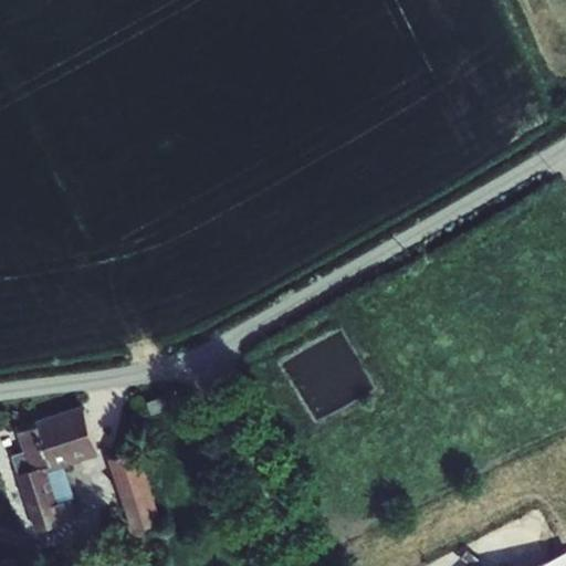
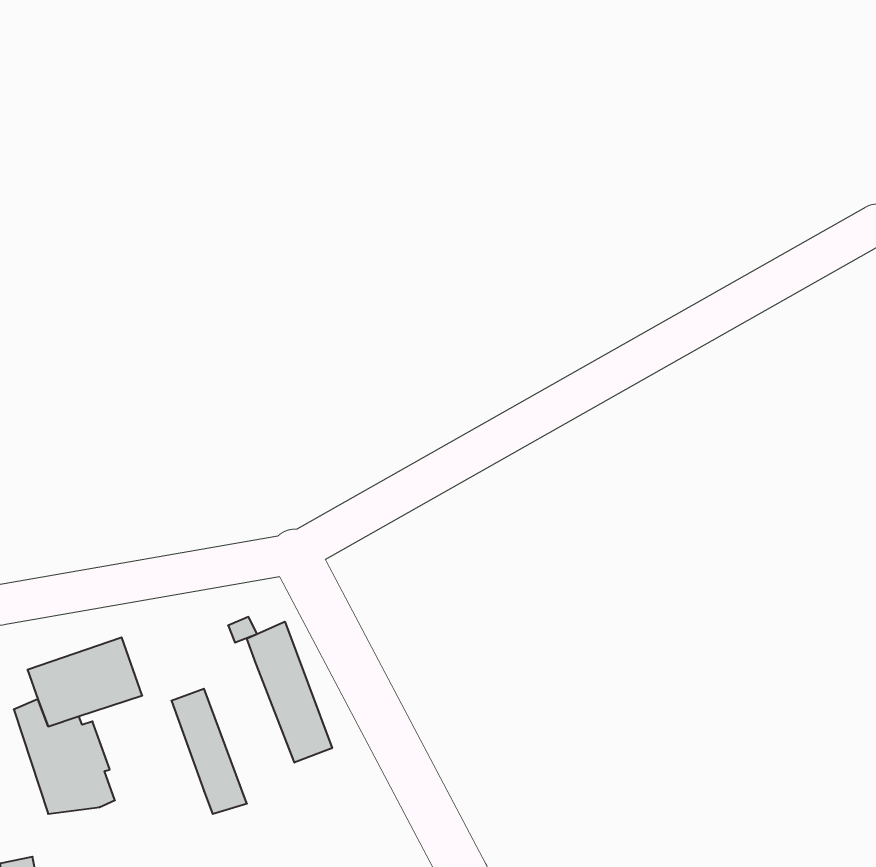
building: none -> [247,622,332,763]

